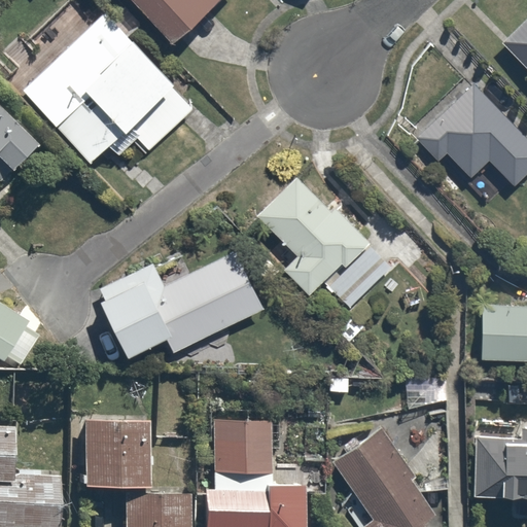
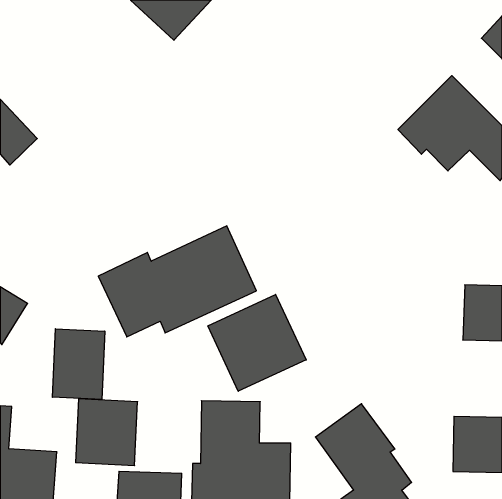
building: [24,10,200,168] -> none
building: [256,175,392,313] -> none
building: none -> [208,294,306,391]
building: none -> [52,329,105,400]

